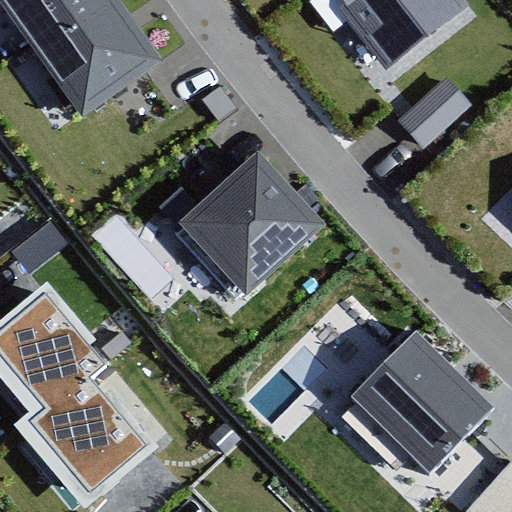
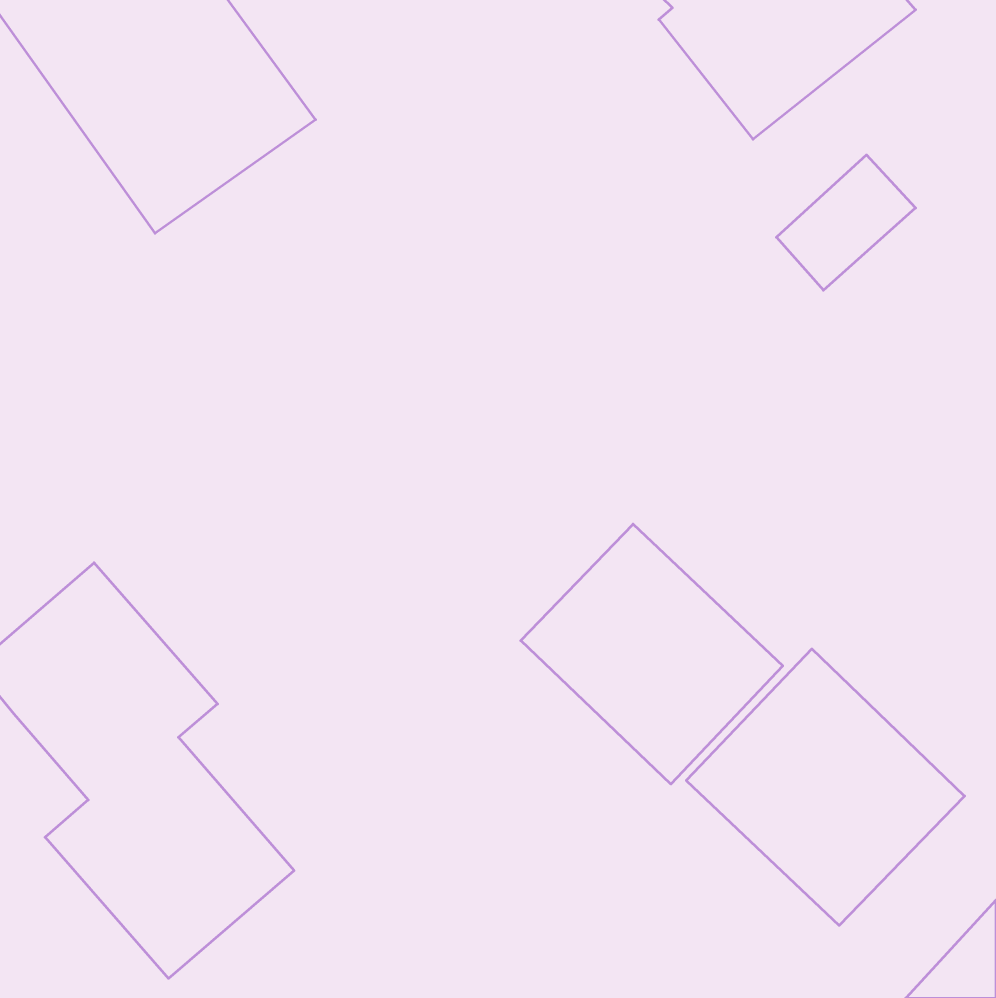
building: [176,151,322,296] -> none
building: none -> [521,524,783,784]

